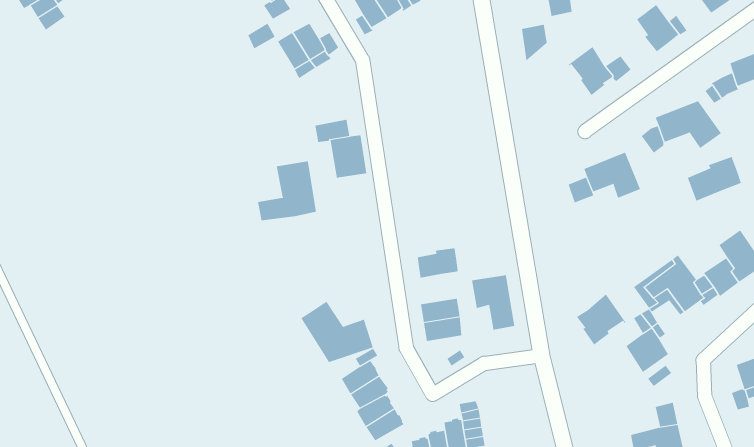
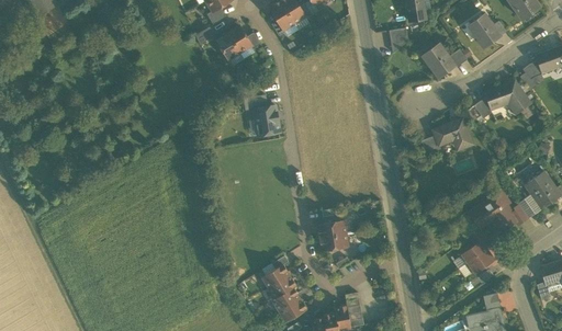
building: [687,156,743,201] -> none
building: [257,161,316,221] -> none
building: [417,247,459,278] -> none
building: [471,274,515,330] -> none
building: [577,293,626,345] -> none
building: [300,301,373,363] -> none

